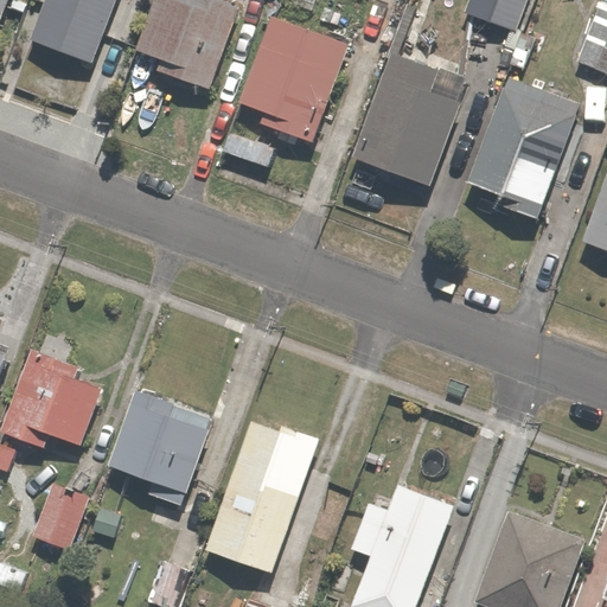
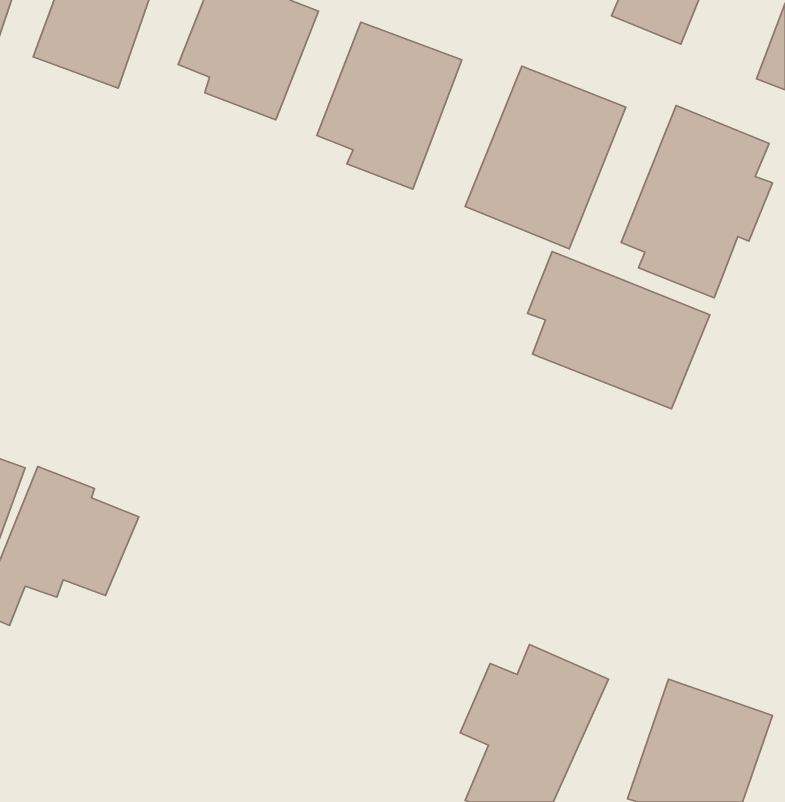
building: none -> [528,252,710,409]
building: [108,390,207,488] -> none
building: [205,420,321,574] -> none
building: [30,481,90,551] -> none

